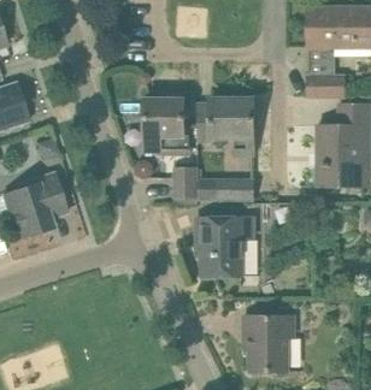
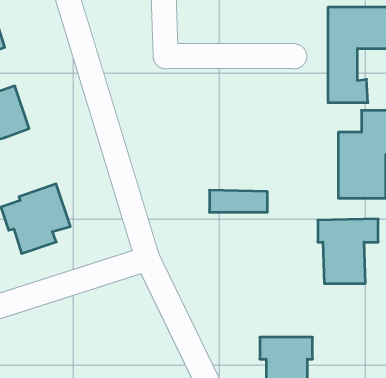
building: [146,98,189,153] -> none
building: [198,99,254,153] -> none
building: [173,167,198,196] -> none
building: [198,215,254,276] -> [318,219,378,283]

